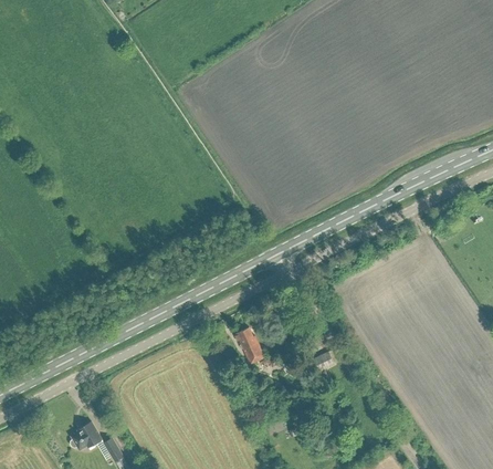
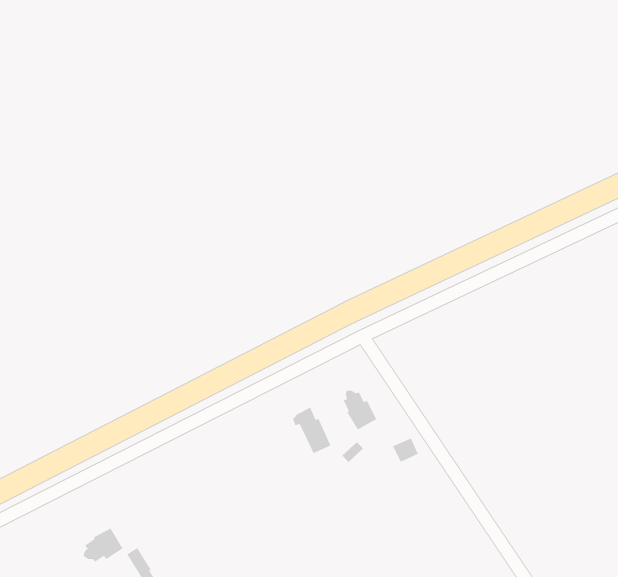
building: none -> [343,390,377,430]

